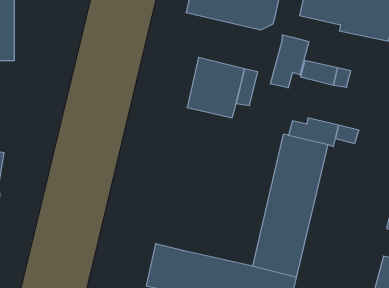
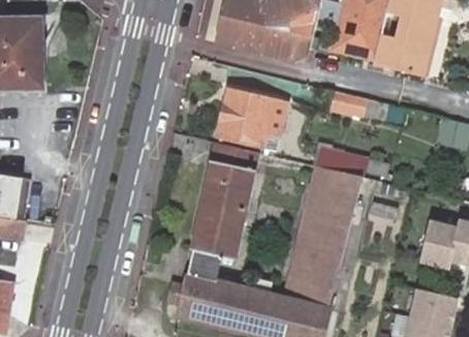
building: [270,35,309,88] -> none
building: none -> [185,143,257,283]

